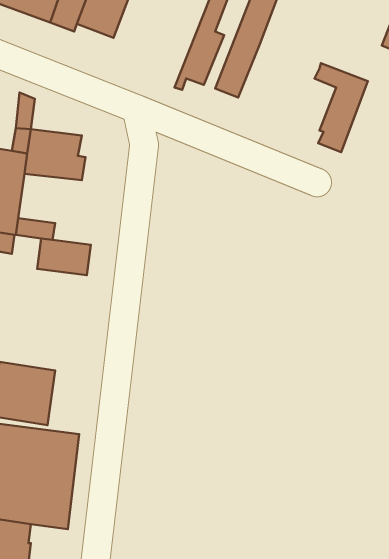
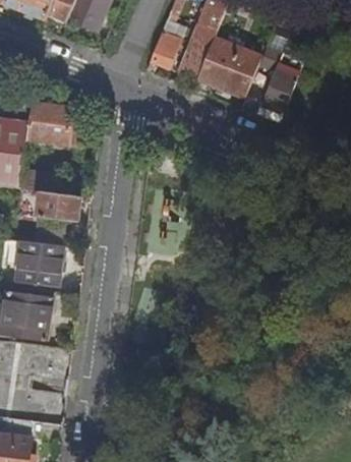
building: none -> [196,36,261,98]
building: none -> [15,240,60,285]

